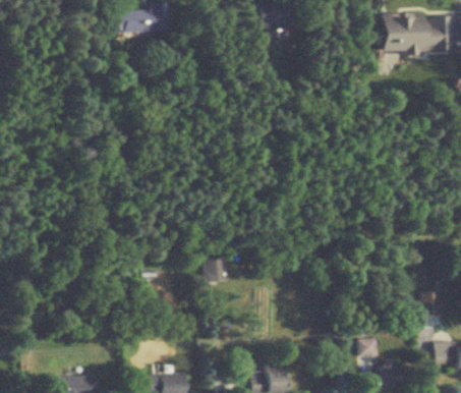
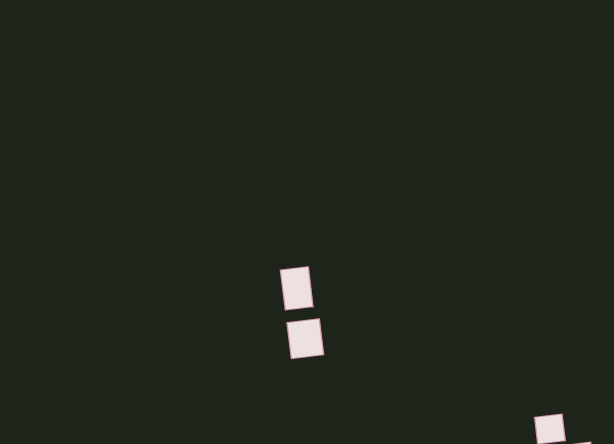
building: none -> [281,267,313,310]

